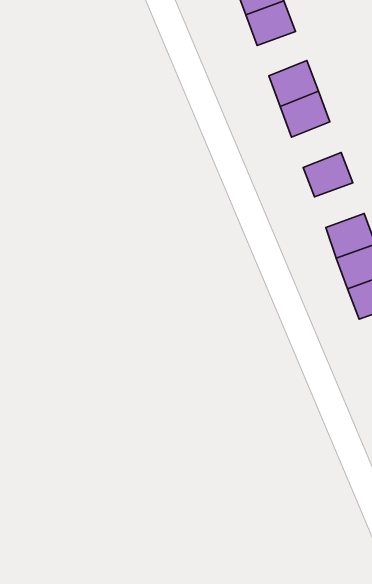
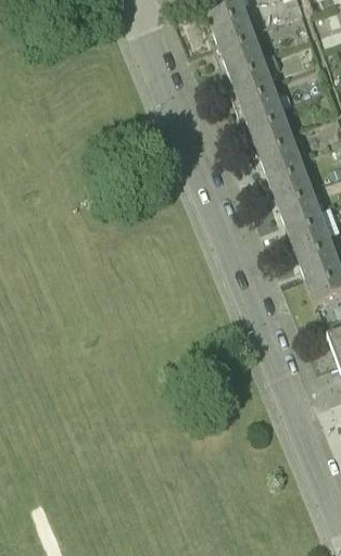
building: none -> [227,52,269,90]
building: none -> [256,129,299,168]
building: none -> [276,181,318,219]

